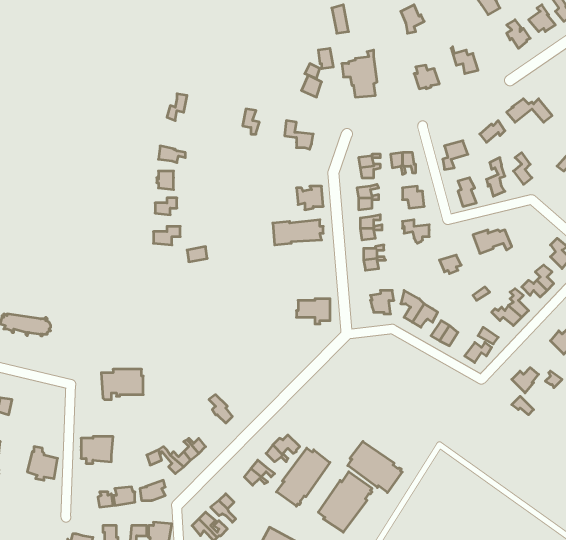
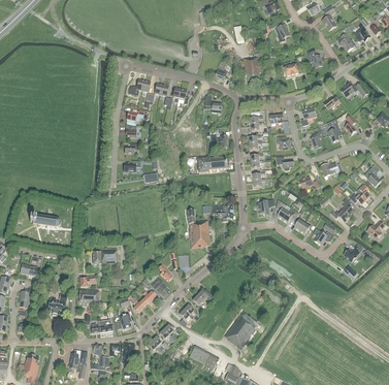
building: none -> [188,207,209,247]
building: [348,441,402,493] -> none
building: [276,448,330,506] -> none

